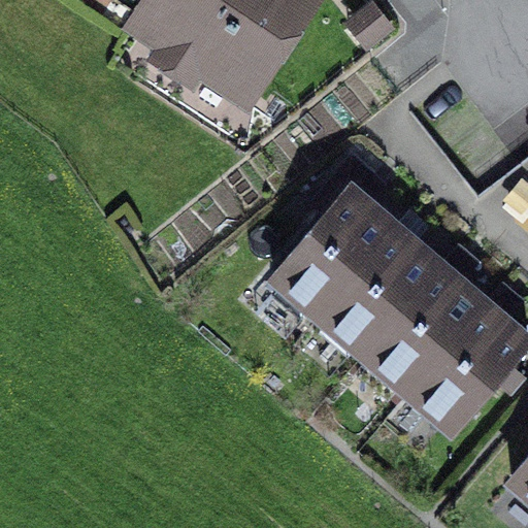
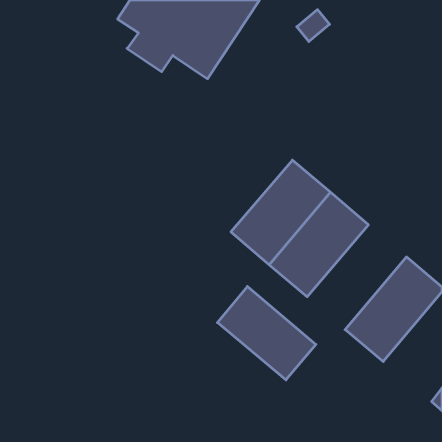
building: [366,268,485,393] -> none
building: none -> [217,286,316,380]

